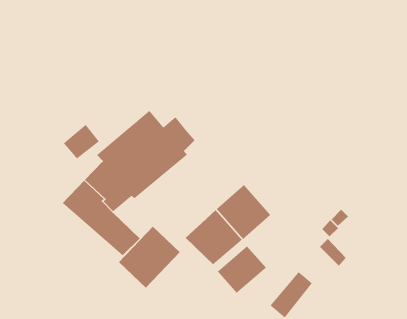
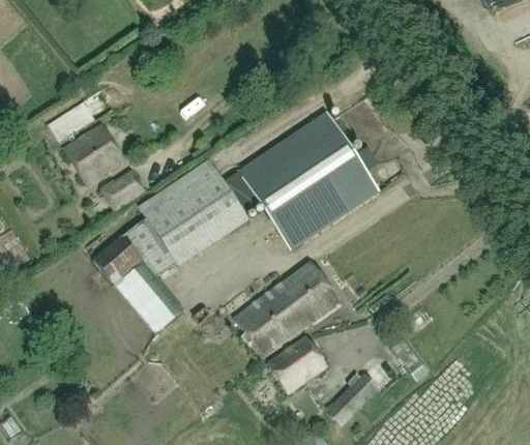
building: none -> [236,111,379,248]
building: none -> [47,99,123,183]
building: [118,226,180,288] -> none

